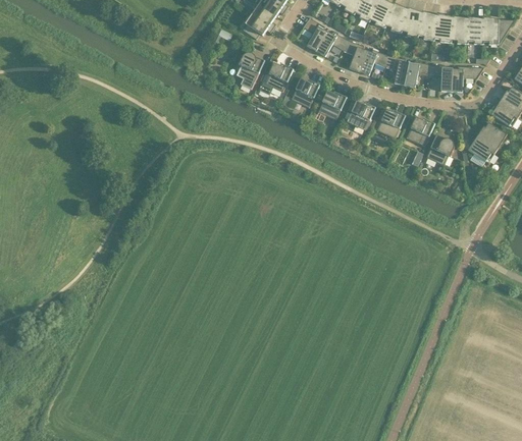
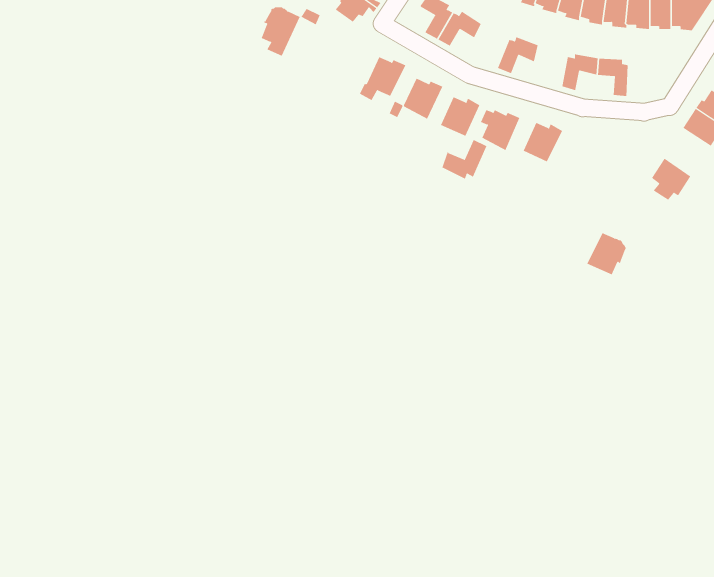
building: [343,39,367,70] -> none
building: [237,52,265,88] -> [261,7,301,57]
building: [385,54,409,84] -> none
building: [452,65,484,91] -> none
building: [407,116,434,145] -> none
building: [478,121,507,148] -> none
building: none -> [441,139,487,180]
building: [426,133,455,164] -> [587,233,626,275]

